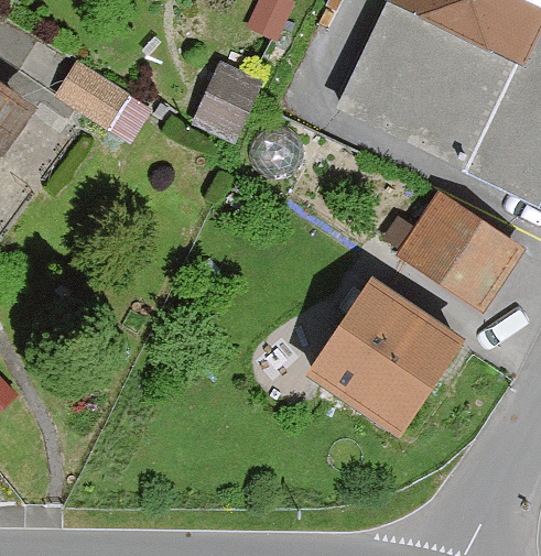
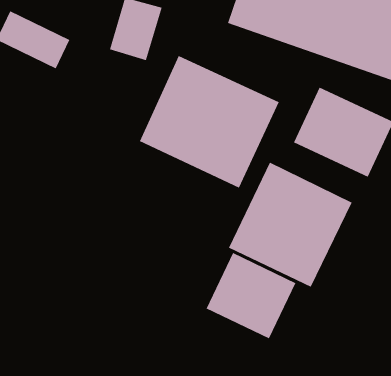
building: none -> [139,55,280,188]
building: none -> [206,252,296,339]

